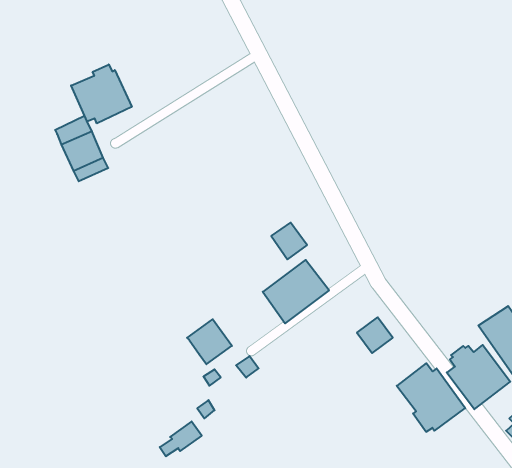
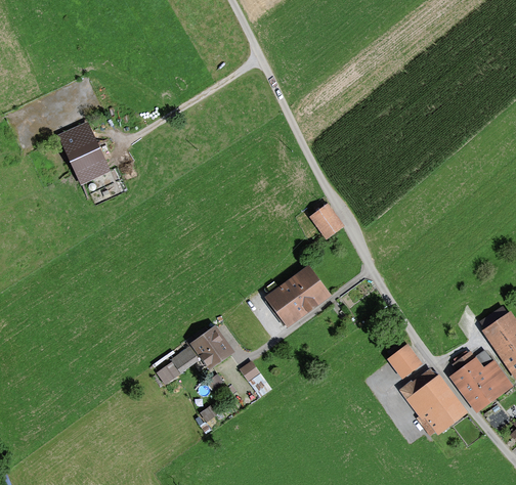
building: [71,64,132,123] -> none
building: [271,223,307,259] -> [309,203,345,239]
building: [357,317,393,353] -> [387,343,423,379]
building: [160,421,202,456] -> [160,344,202,379]

